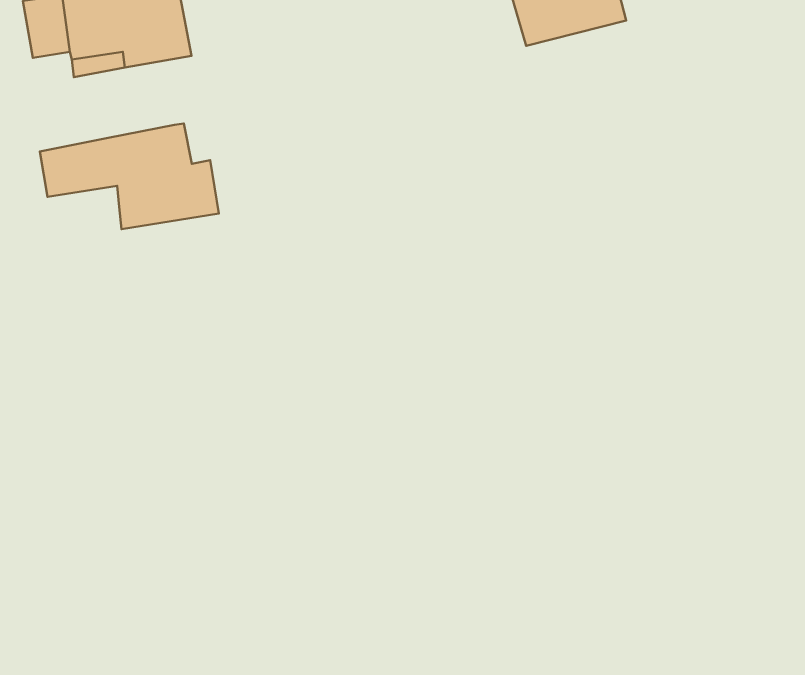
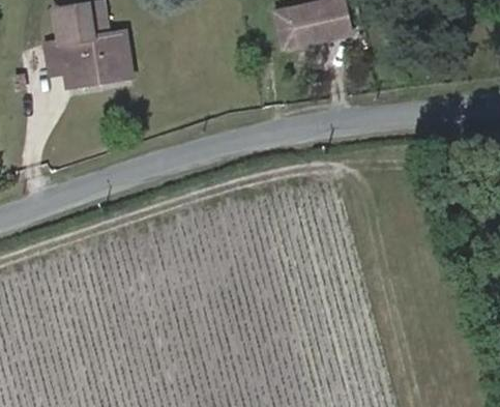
building: [40,124,219,229] -> none

